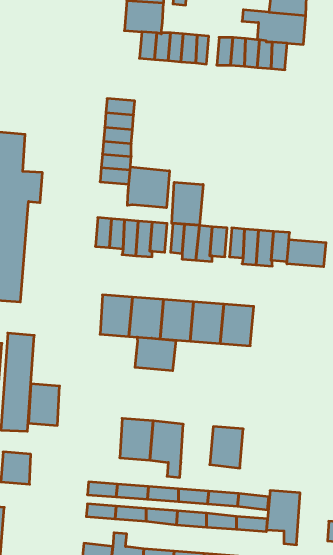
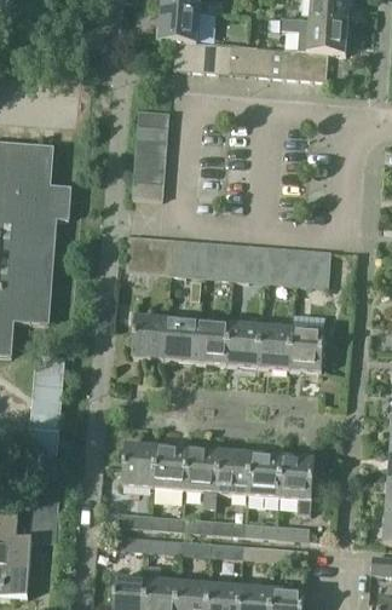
building: [127,167,169,208] -> none
building: [172,182,203,225] -> none
building: [287,240,326,267] -> none
building: none -> [289,329,324,373]
building: [135,337,176,371] -> none
building: [28,384,60,425] -> [122,444,155,488]
building: none -> [217,453,250,495]
building: [267,491,300,545] -> [278,457,313,514]

